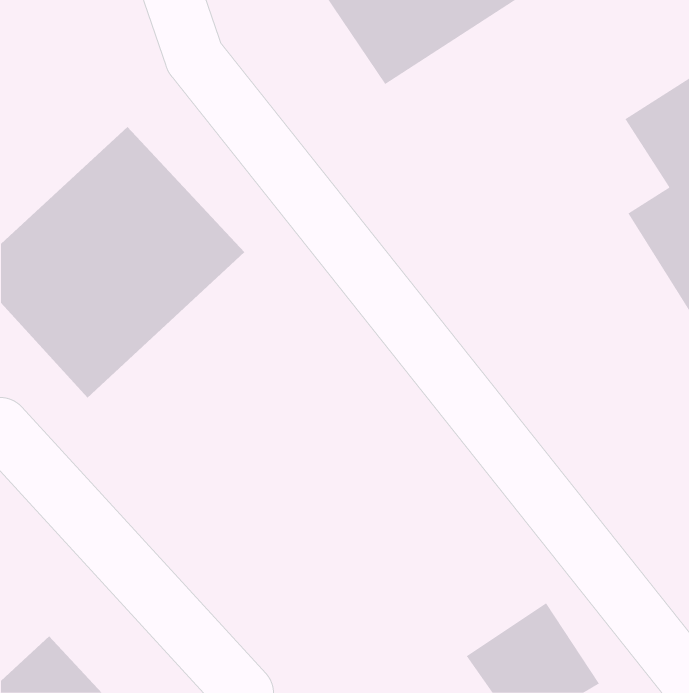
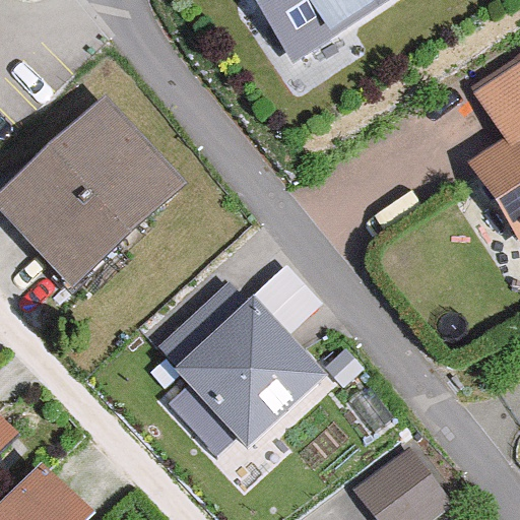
building: none -> [151,272,325,448]

